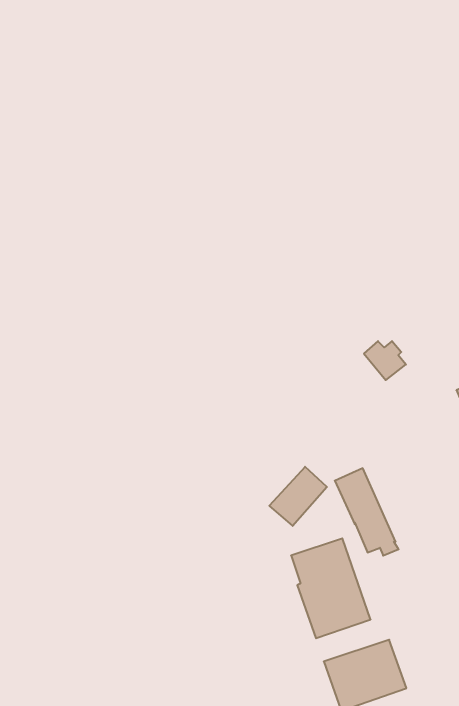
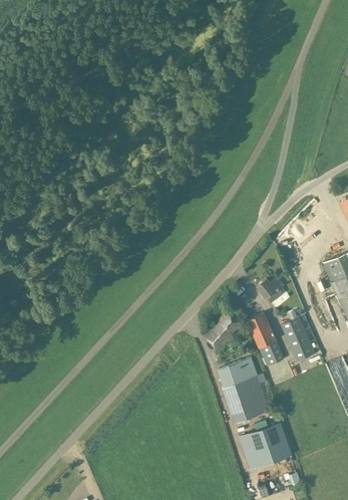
building: [364,341,406,380] -> [257,278,284,303]
building: none -> [281,316,316,361]

